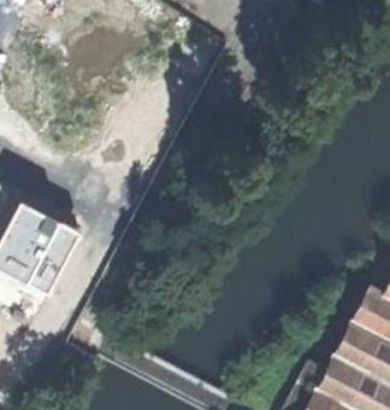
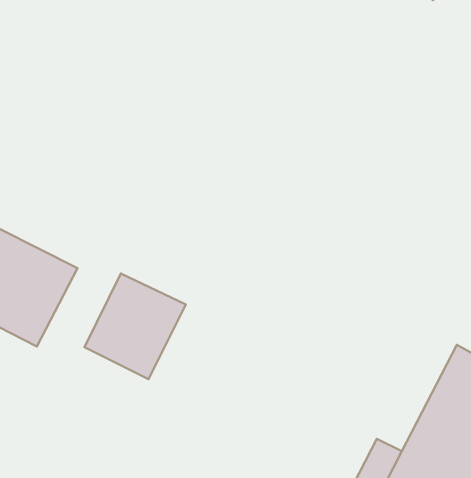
building: none -> [84,273,186,379]

